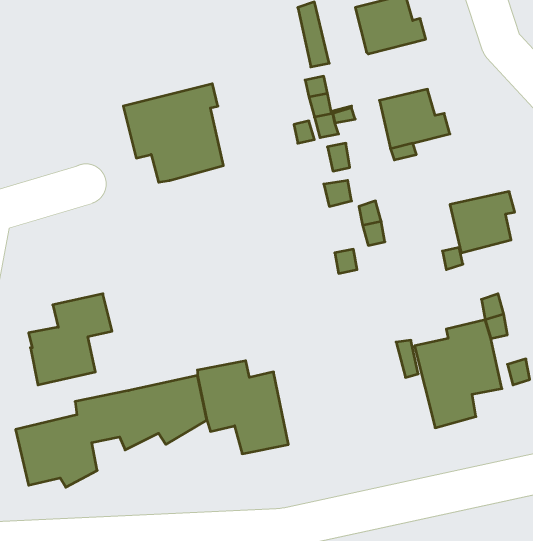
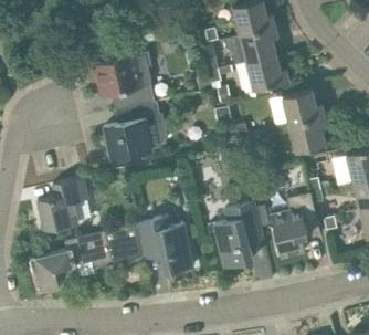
building: none -> [223,27,278,63]
building: none -> [283,90,325,125]
building: none -> [104,102,161,159]
building: none -> [214,202,263,268]

